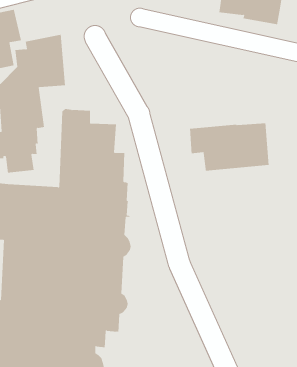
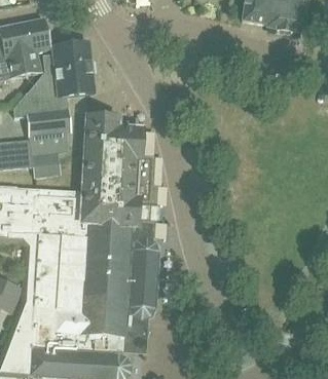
building: [190,122,269,171] -> none

